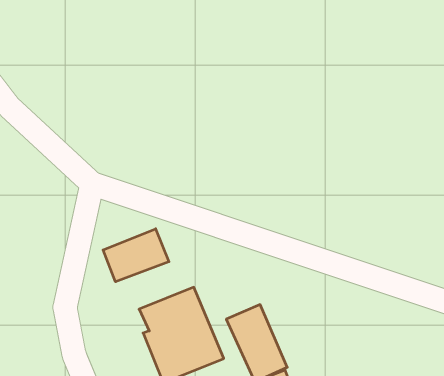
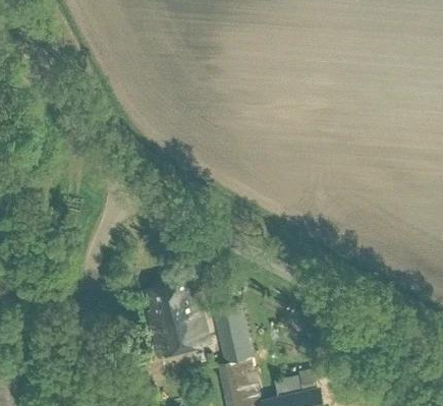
building: [103,229,169,282] -> none

